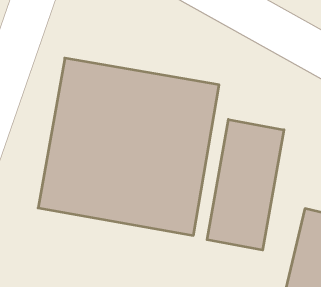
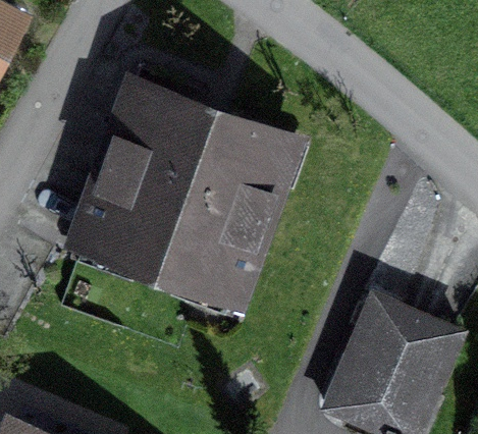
building: [207,119,284,250] -> none

